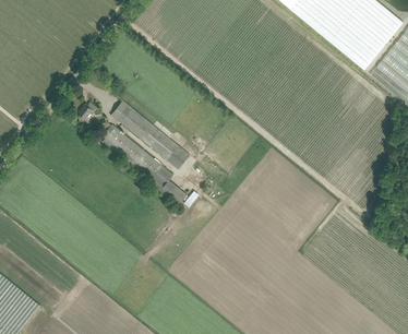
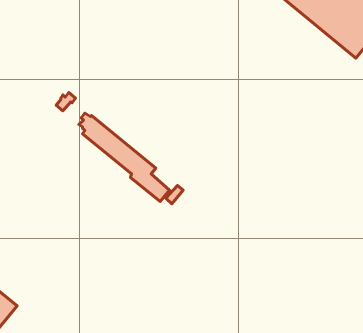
building: [111,100,178,160] -> none

